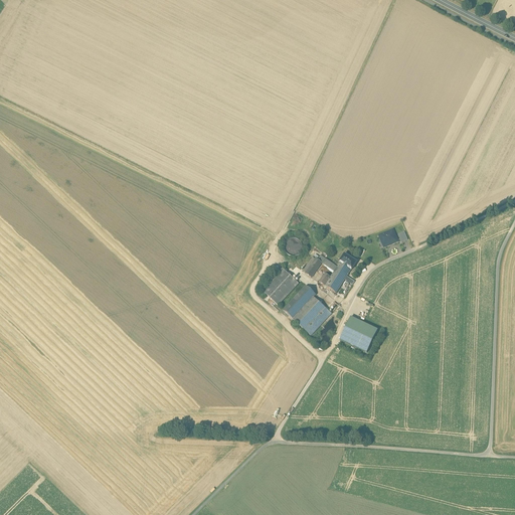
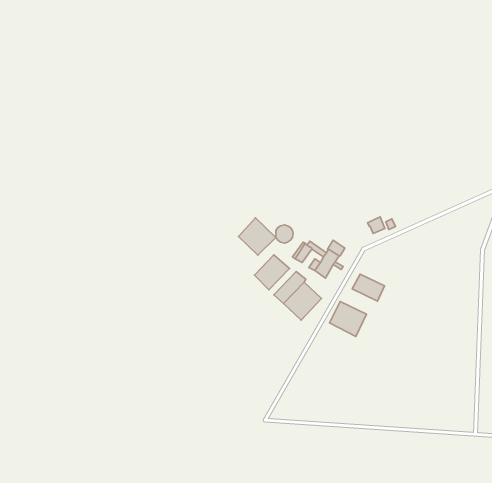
building: none -> [238,218,276,255]
building: none -> [352,274,385,301]

